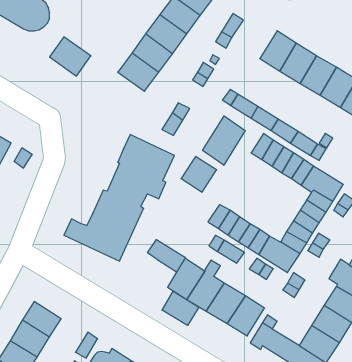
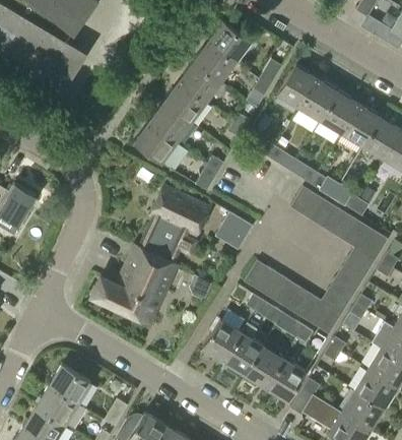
building: none -> [278,65,318,108]
building: [50,37,91,76] -> [134,122,178,164]
building: [203,116,245,165] -> none
building: [148,240,185,272] -> none
building: [162,291,199,325] -> none

